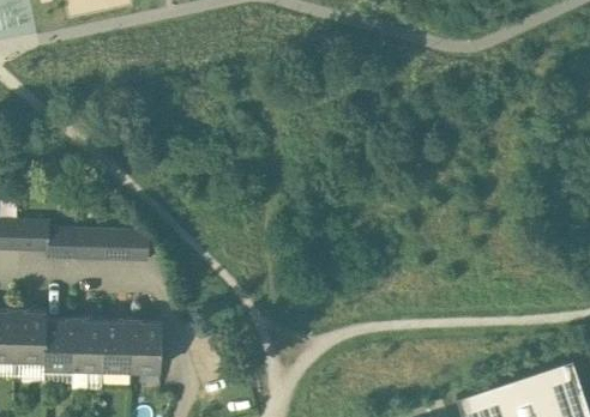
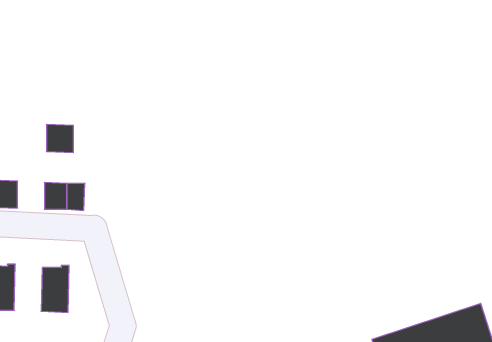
building: [77,232,106,262] -> [46,124,73,153]
building: [73,321,103,371] -> none
building: [131,322,162,373] -> none

